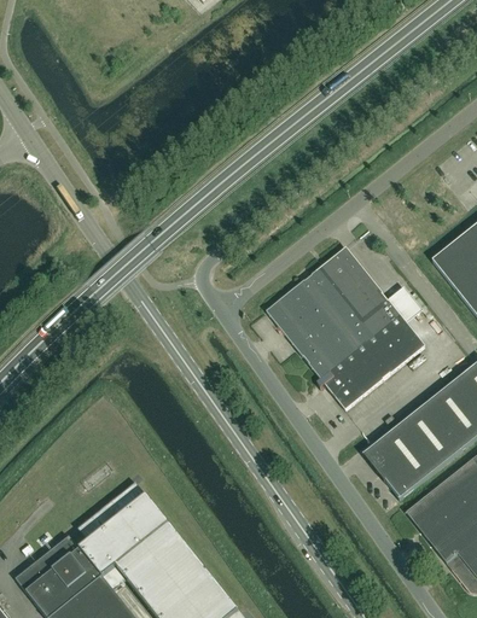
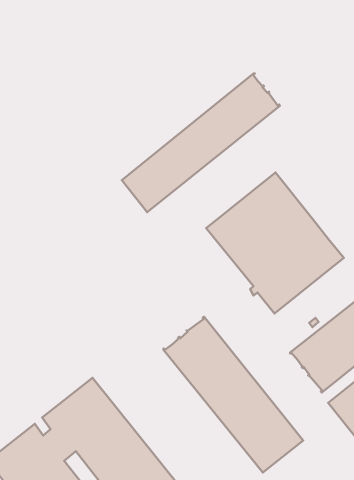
building: none -> [122,74,280,212]
building: none -> [163,317,303,472]

